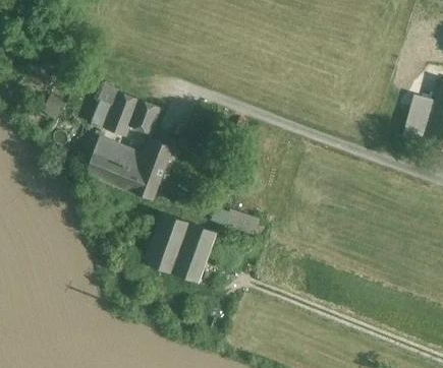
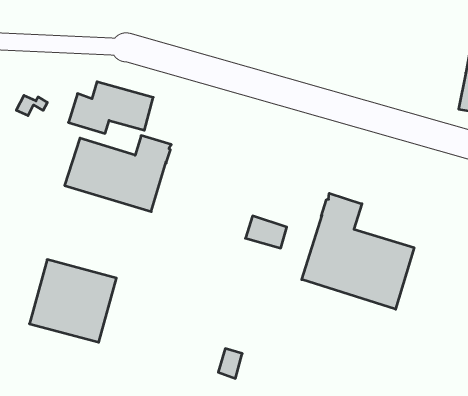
building: none -> [302,193,414,309]
building: [144,212,216,282] -> [29,260,116,342]

